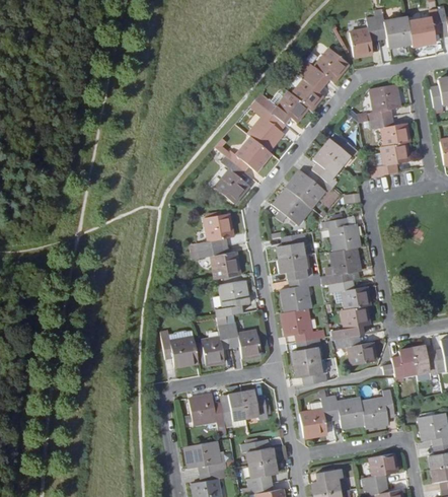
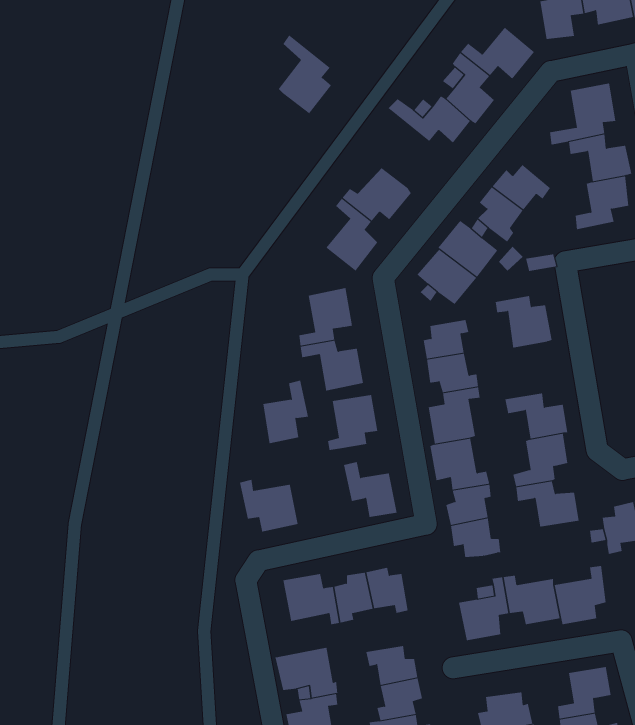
building: [247,99,282,150] -> [278,34,332,114]
building: [327,247,360,284] -> none
building: [202,326,231,366] -> [262,380,309,444]

